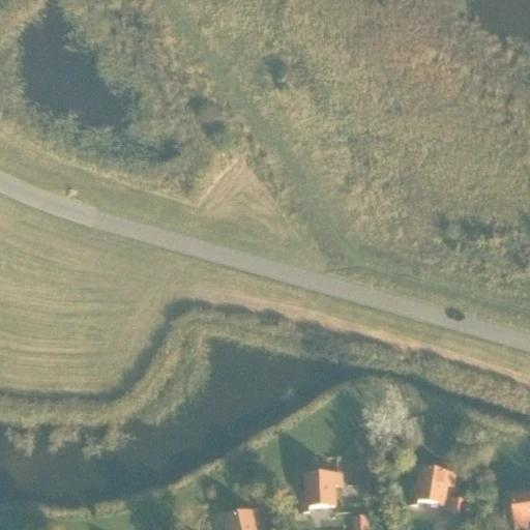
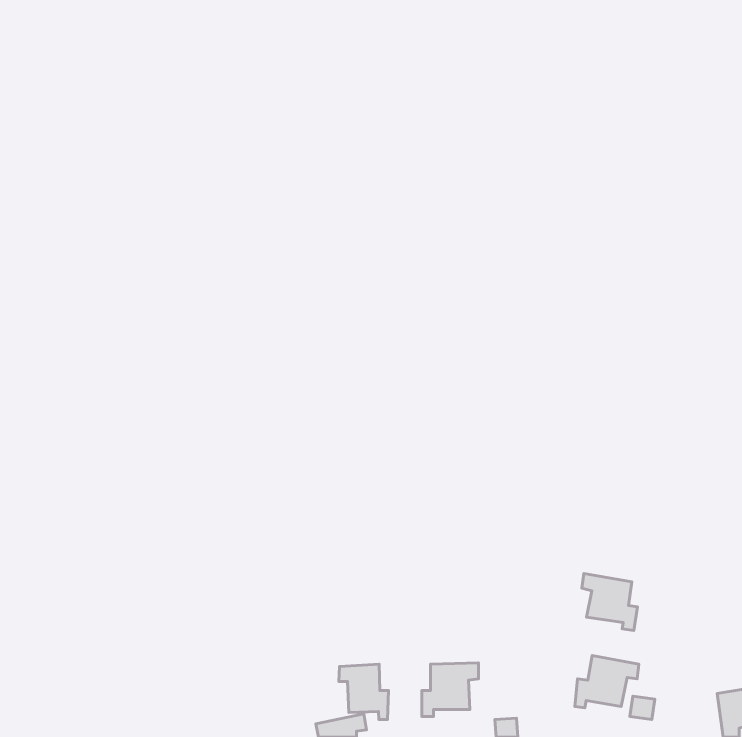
building: none -> [582,574,637,631]
building: none -> [339,664,388,719]

